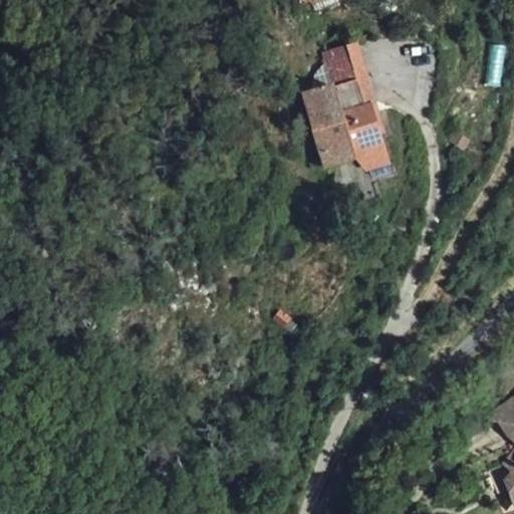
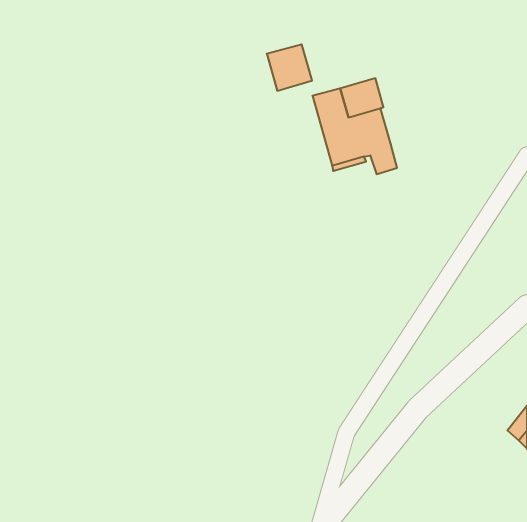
building: [321,41,365,86] -> [267,44,312,91]

